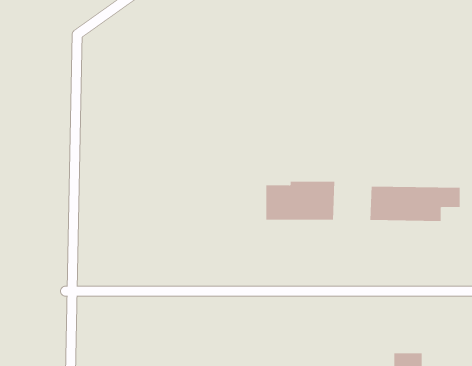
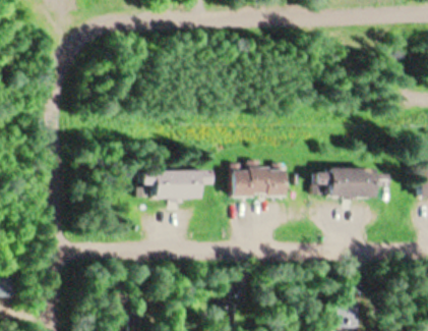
building: none -> [140,170,211,199]

